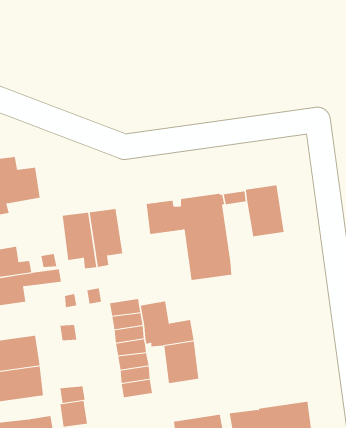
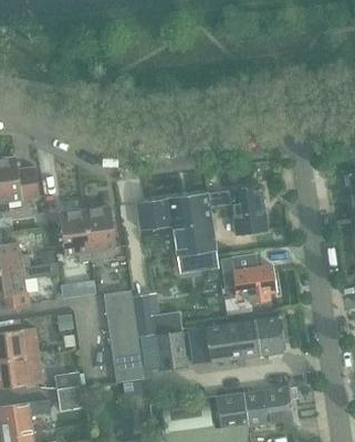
building: none -> [219,254,275,306]
building: none -> [185,316,284,364]

